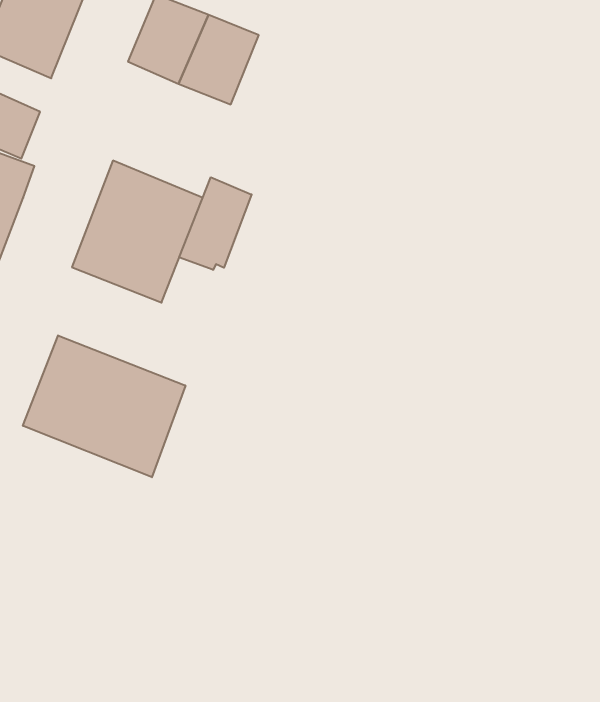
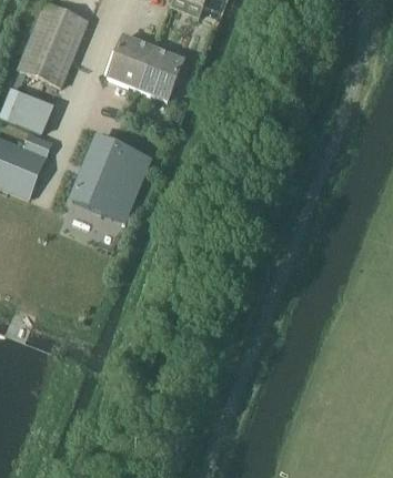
building: [179,177,252,270] -> none
building: [23,335,185,477] -> none

